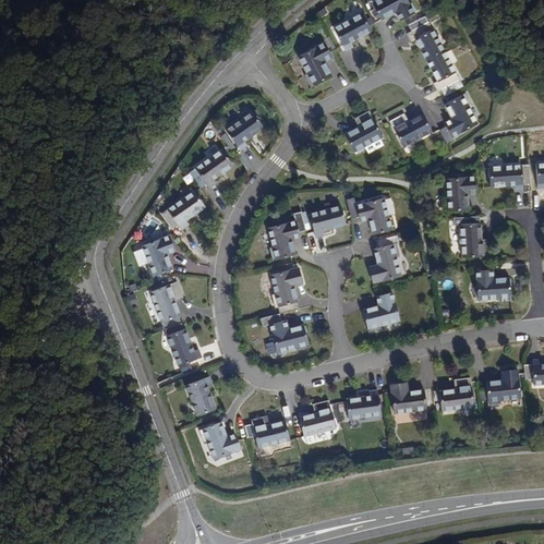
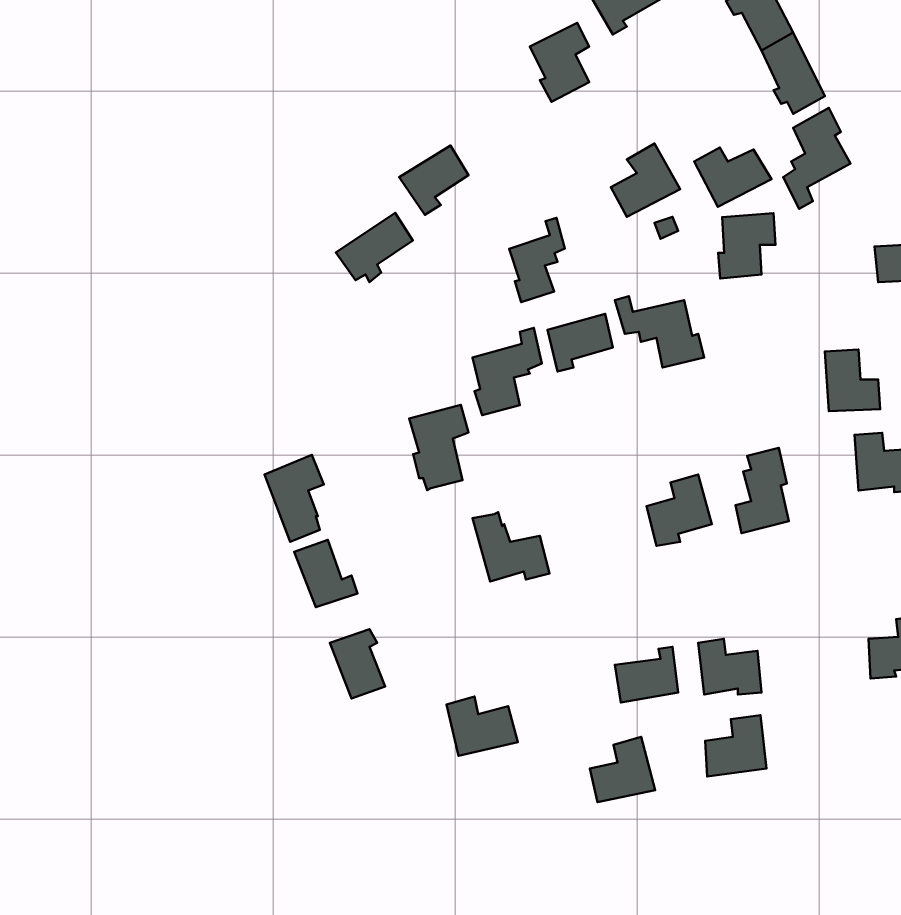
building: none -> [509,218,565,302]
building: [444,176,475,211] -> [718,213,776,278]
building: [168,189,205,228] -> none
building: [143,233,176,277] -> none
building: [370,234,399,281] -> [735,448,789,533]
building: [269,267,302,314] -> [409,405,469,490]
building: [440,376,474,410] -> [705,715,766,777]
building: [301,399,337,435] -> [590,737,655,802]
building: [201,421,242,456] -> none

